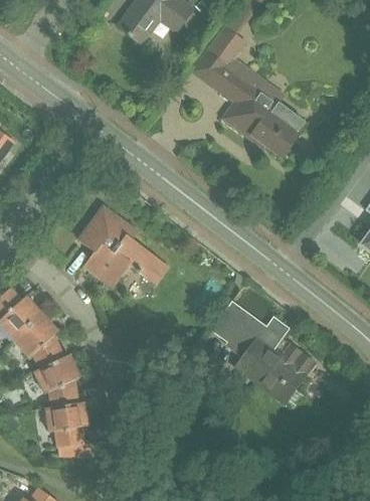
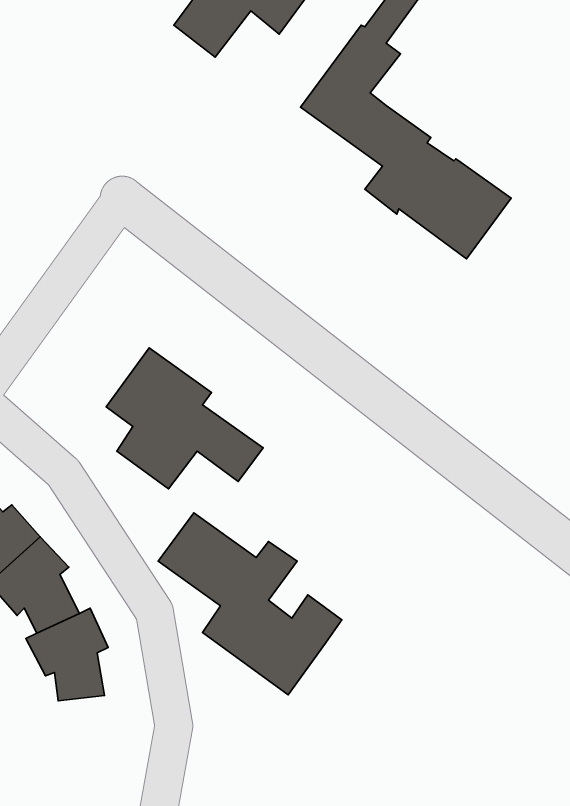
building: [210,300,314,402] -> [158,513,342,695]
building: [45,402,87,447] -> none

